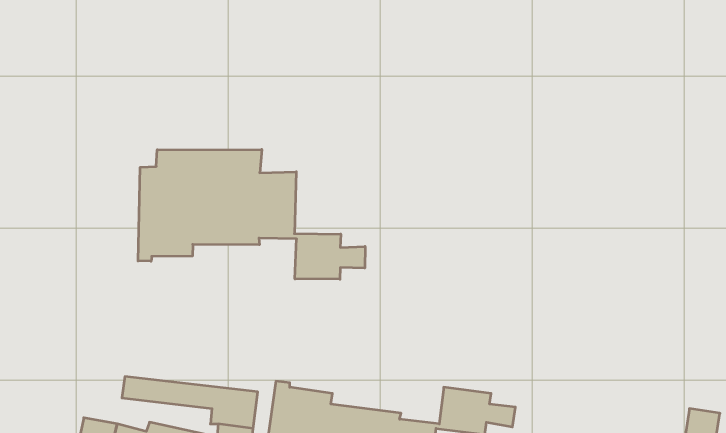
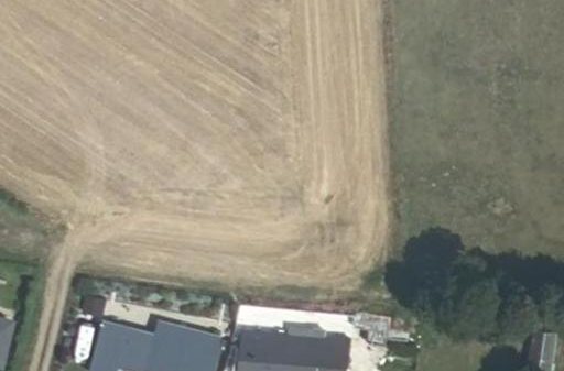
building: [138,149,365,279] -> none

